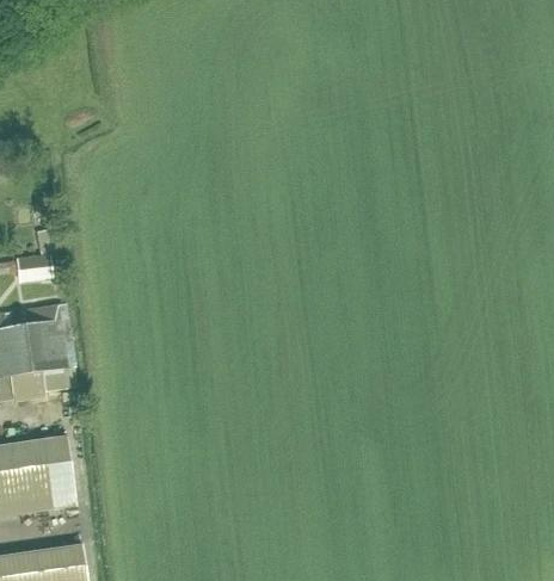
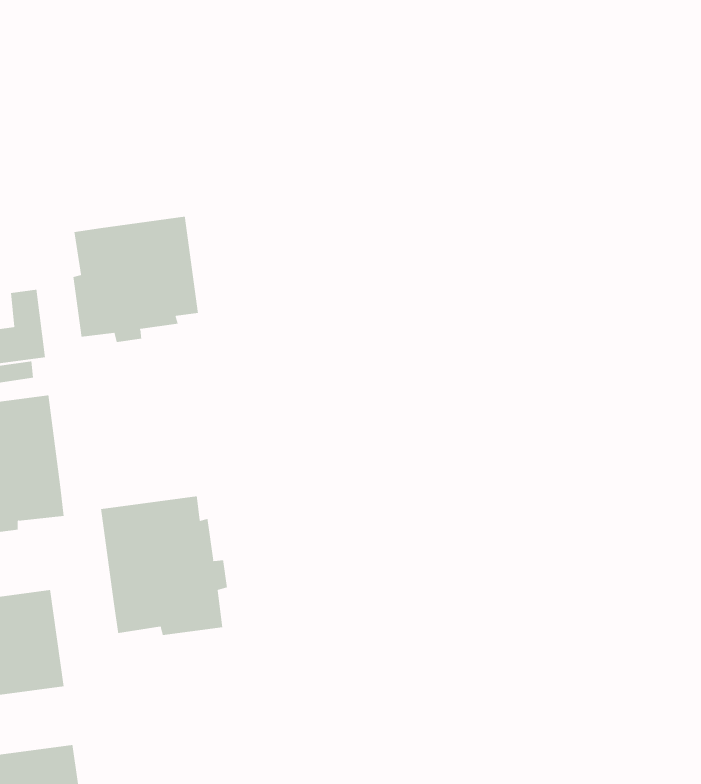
building: none -> [73,216,198,343]
building: none -> [100,495,227,636]

